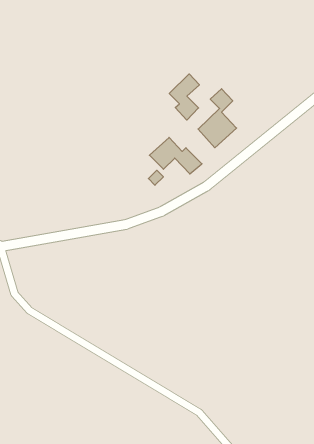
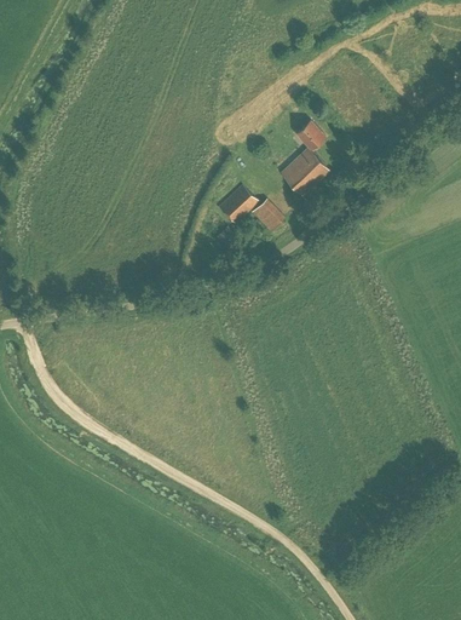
building: [169,74,199,120] -> none

